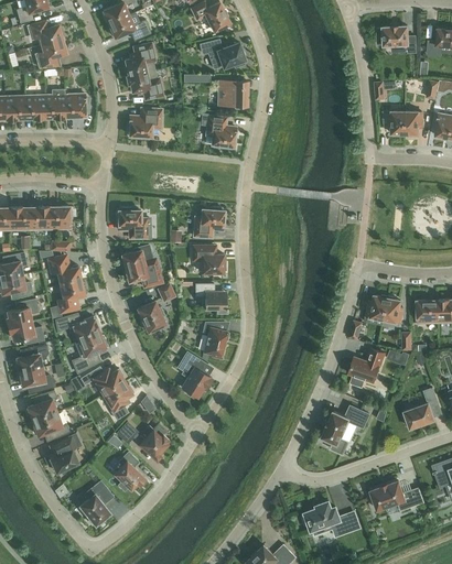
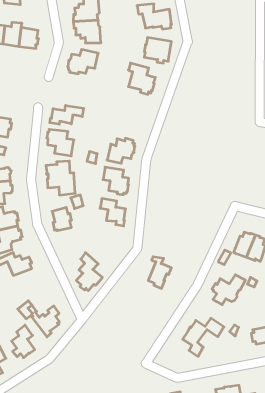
building: none -> [50,105,84,124]
building: [204,322,229,358] -> [148,257,171,288]
building: [104,381,133,419] -> none

